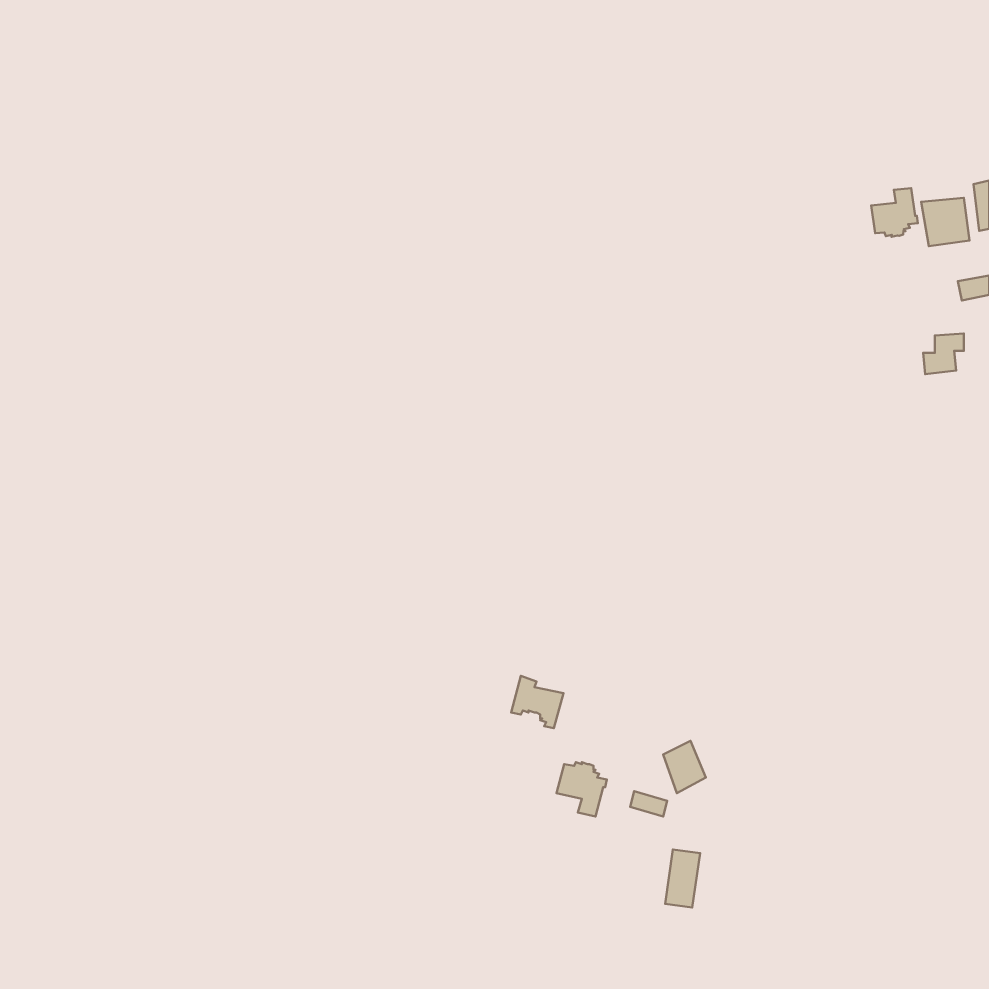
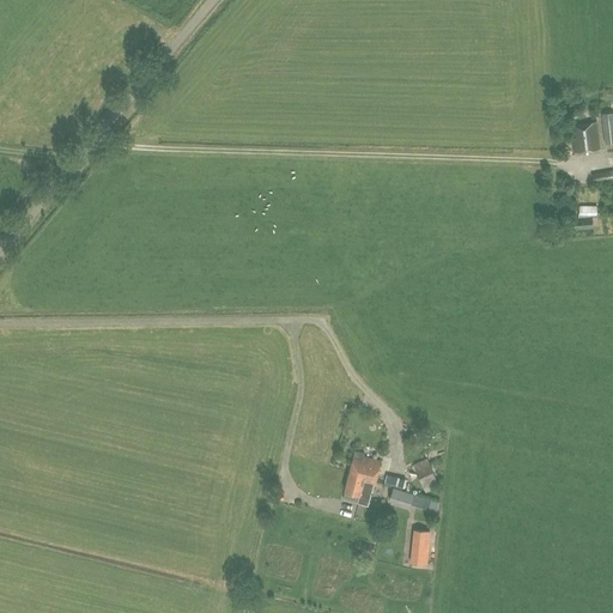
building: [871,188,918,237] -> none
building: [511,676,564,728] -> [348,450,381,482]

